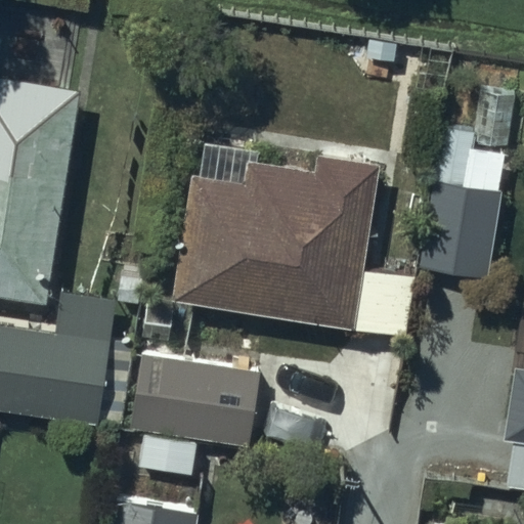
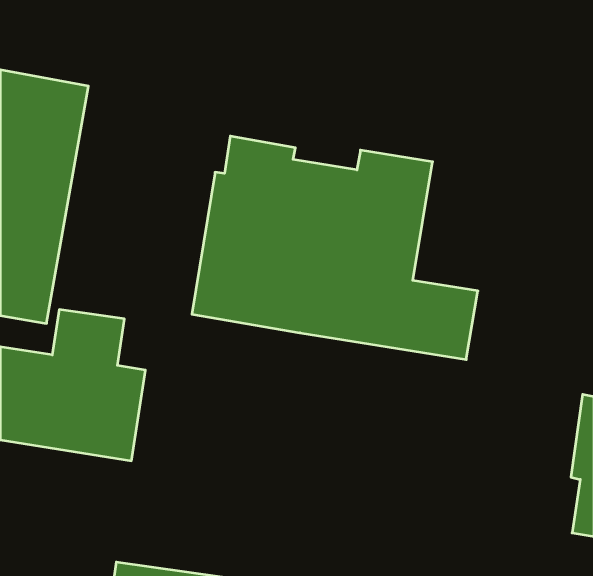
building: [417,92,511,277] -> none
building: [130,354,261,476] -> none

